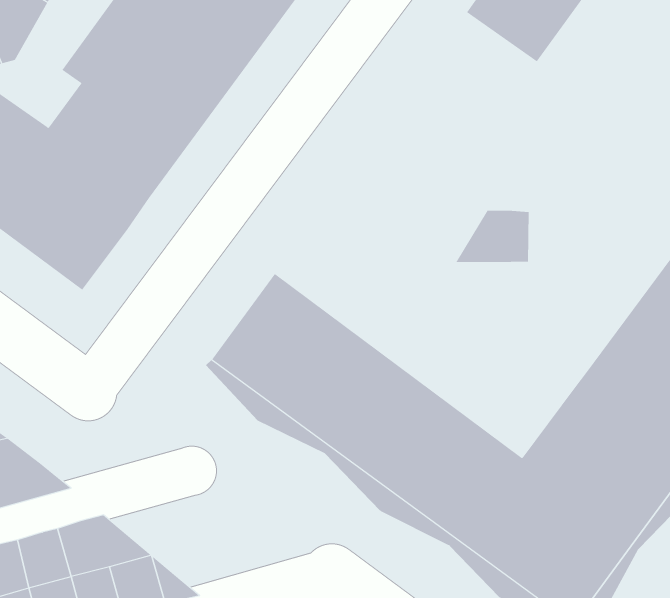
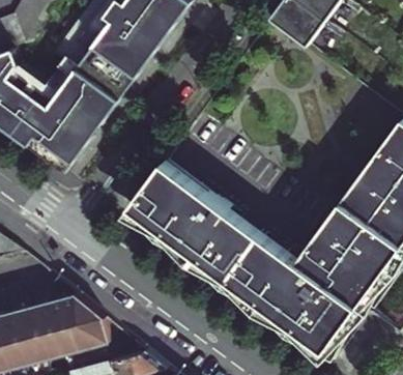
building: [455,210,529,263] -> none

